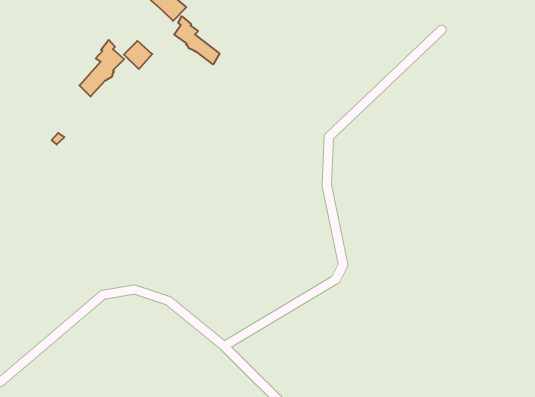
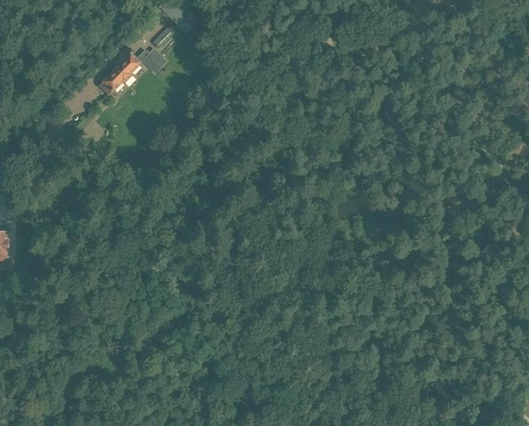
building: [174,16,220,64] -> none

